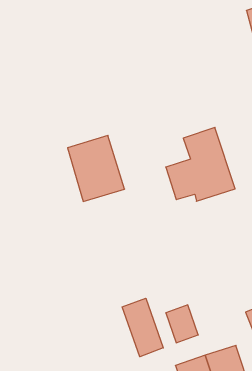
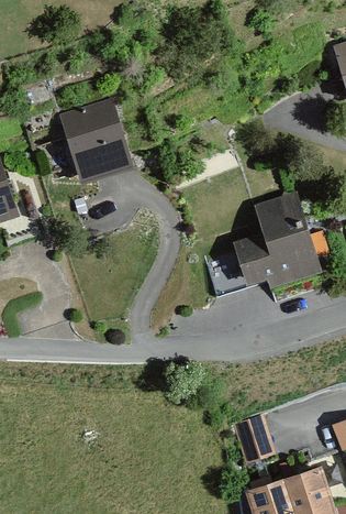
building: [68,135,125,201] -> [60,101,132,184]
building: [122,298,163,357] -> none

